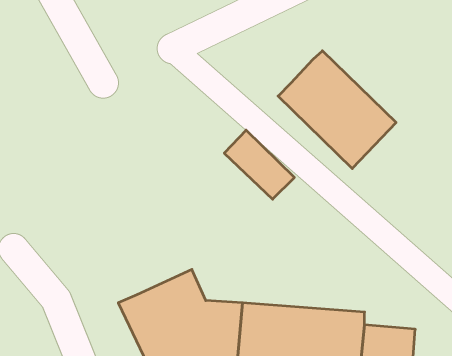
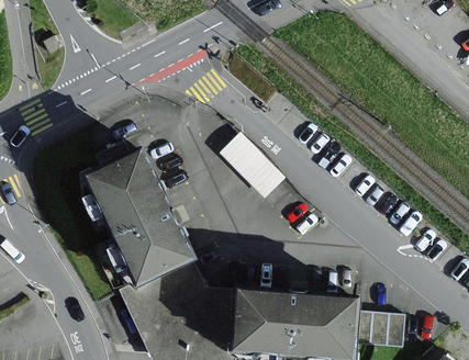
building: [278,51,396,169] -> none
building: none -> [88,151,190,282]

